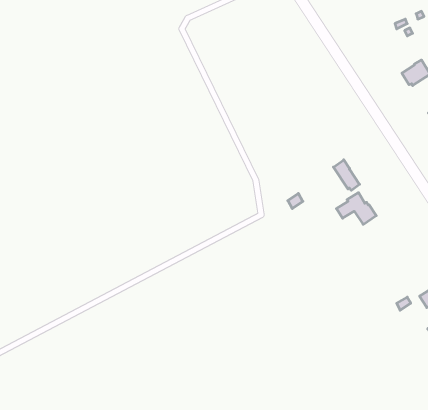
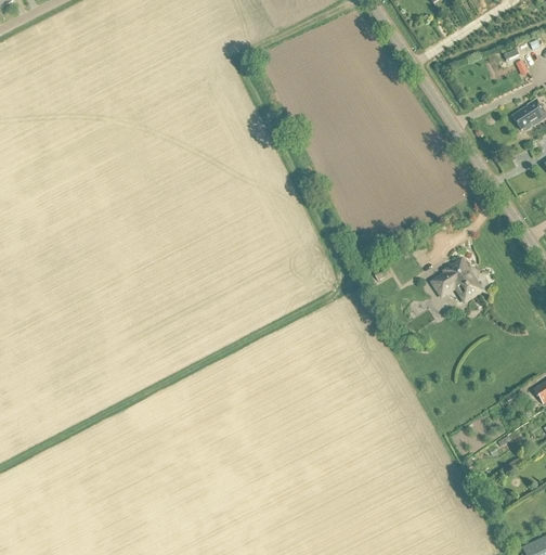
building: [333,160,360,190] -> none

